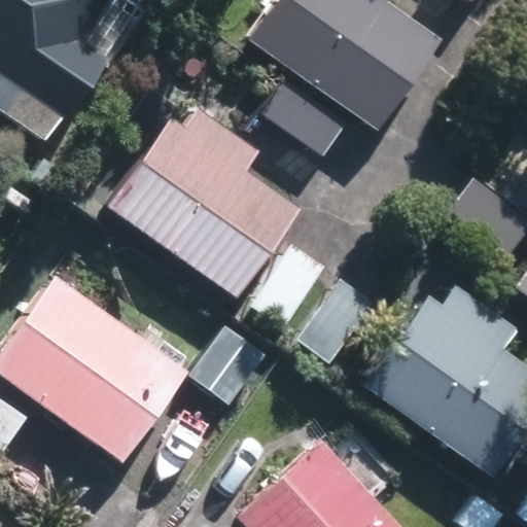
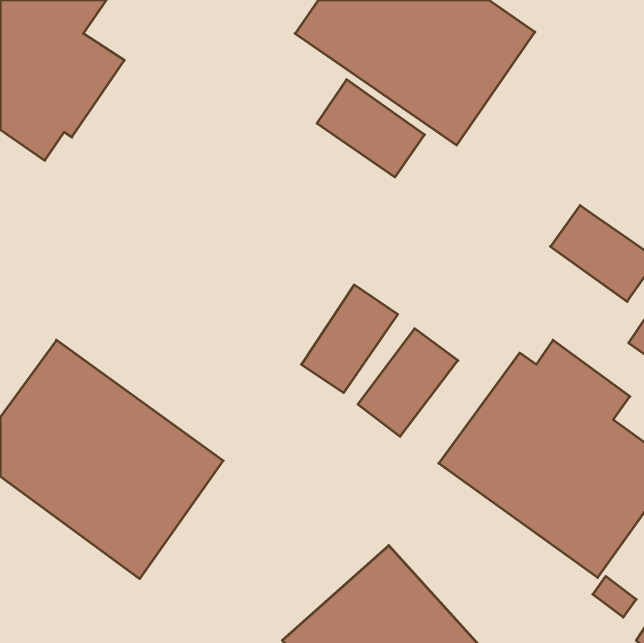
building: [105,104,297,294] -> none

